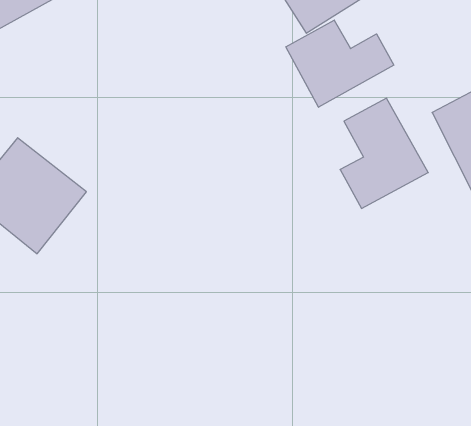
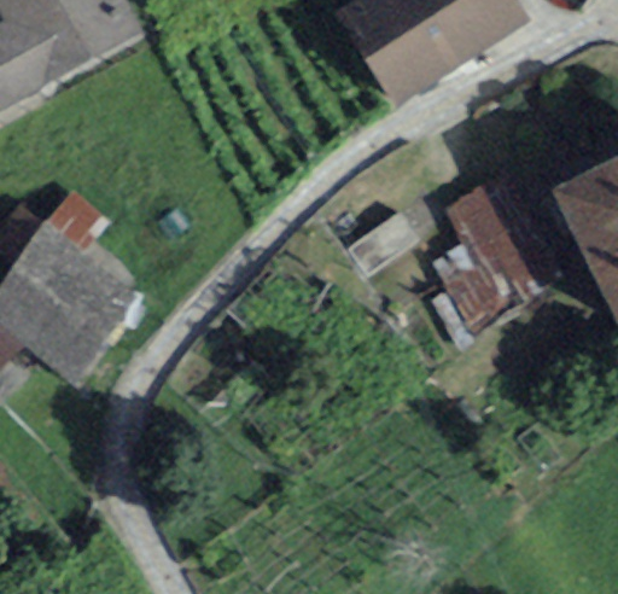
building: [286,20,394,107] -> none

